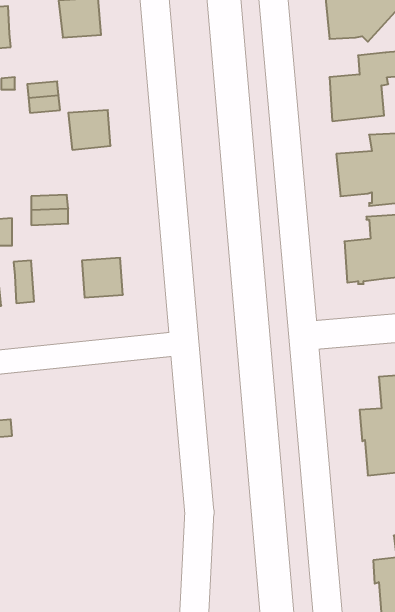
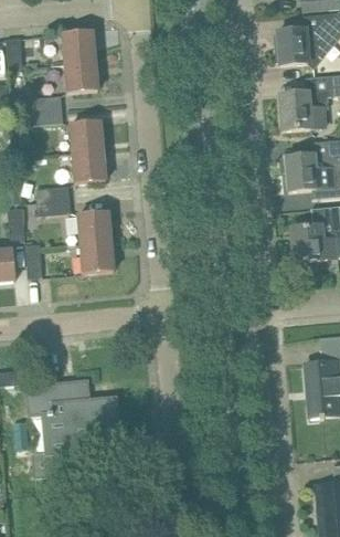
building: none -> [64,61,97,93]
building: none -> [72,150,105,182]
building: none -> [77,211,110,243]
building: none -> [26,381,119,475]

